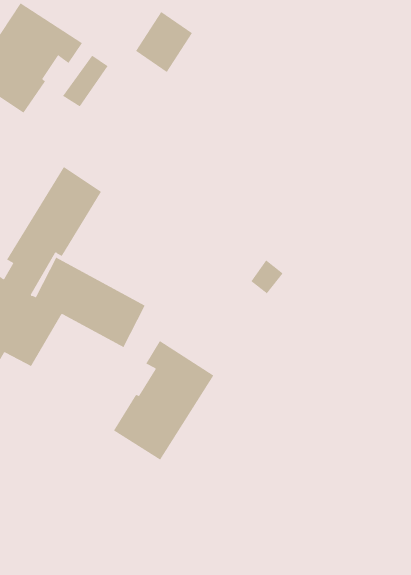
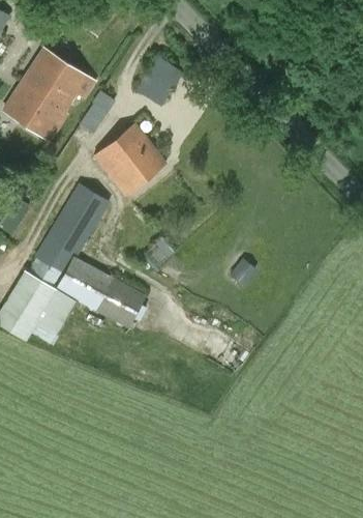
building: none -> [95,124,164,194]
building: [113,340,214,460] -> none

